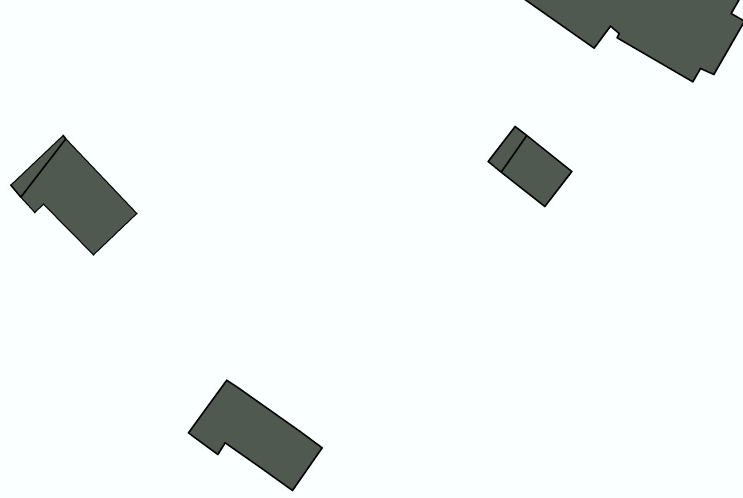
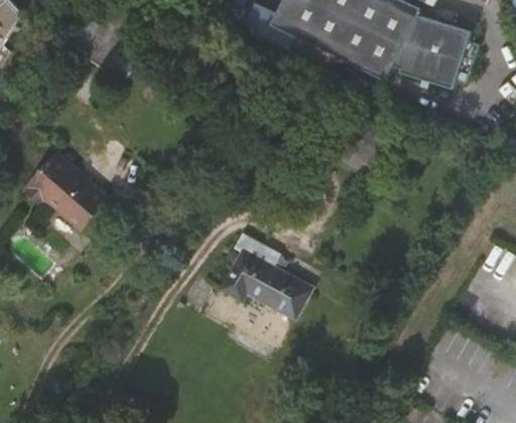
building: [188,380,322,490] -> [219,250,305,316]

